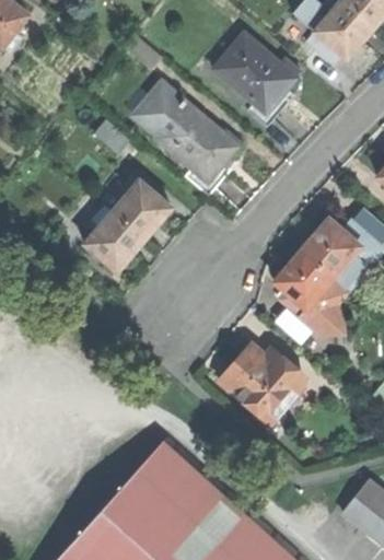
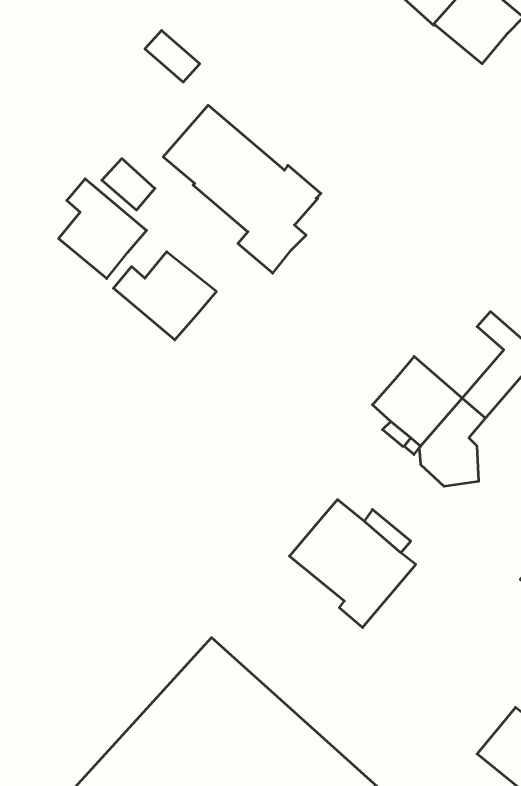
building: [211,37,295,130] -> none
building: [85,206,143,271] -> [59,179,147,279]
building: [301,219,360,278] -> none

